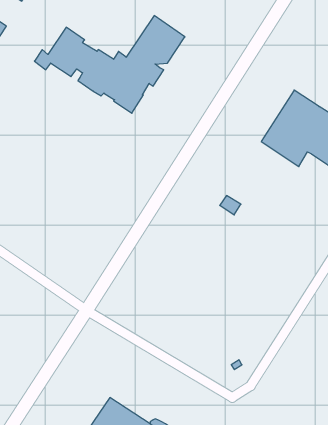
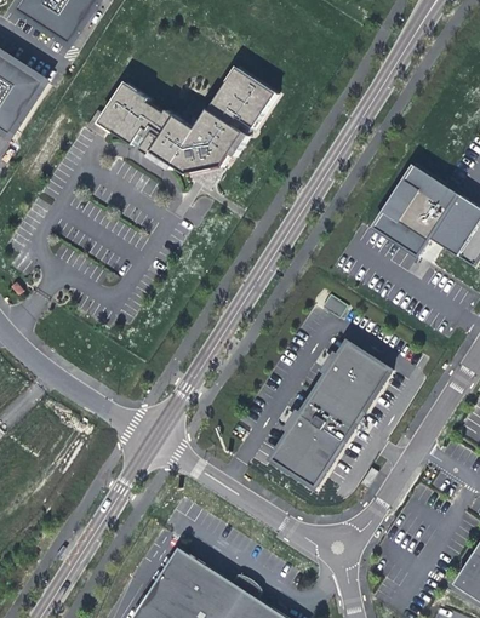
building: none -> [269,341,389,487]

